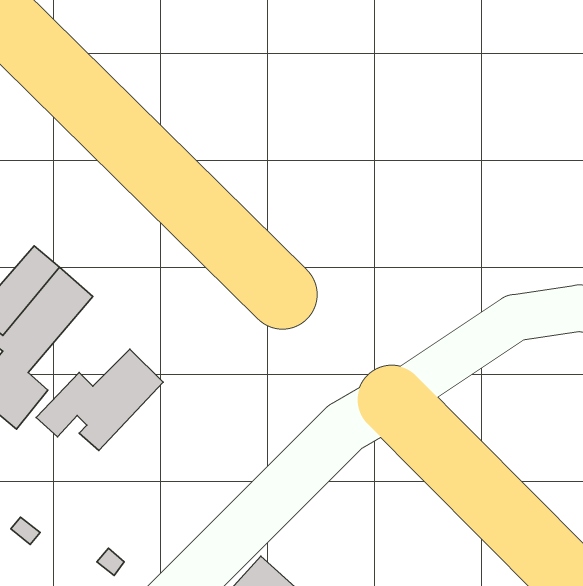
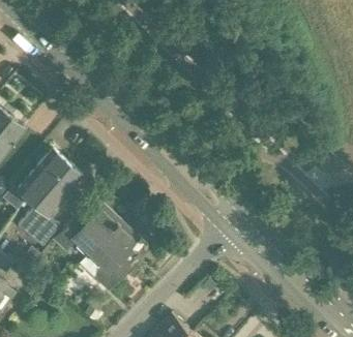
building: none -> [80,222,138,289]

